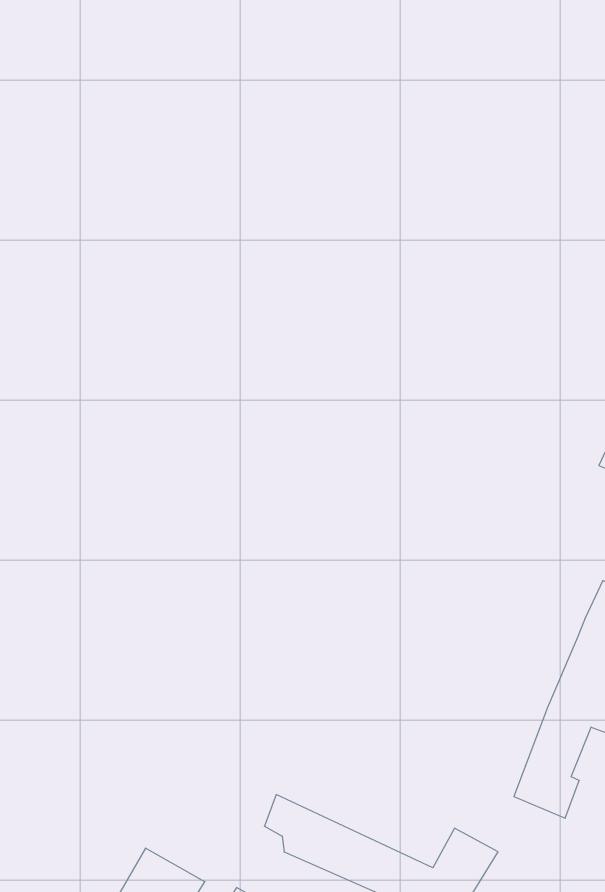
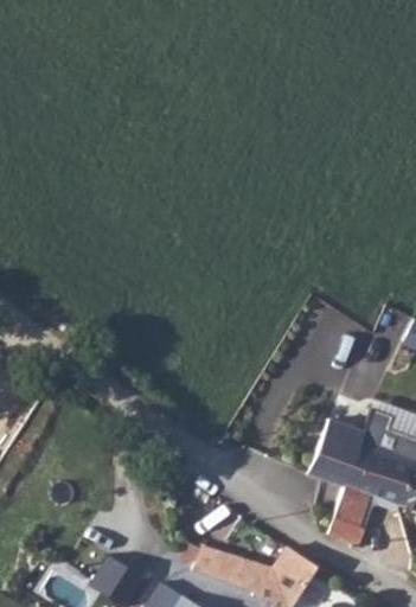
building: none -> [312,415,369,483]

